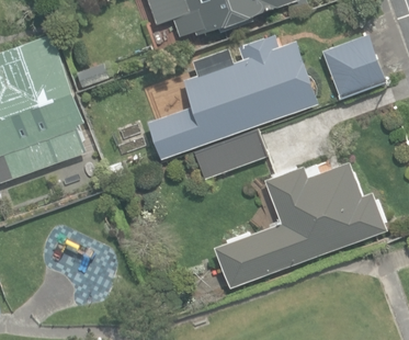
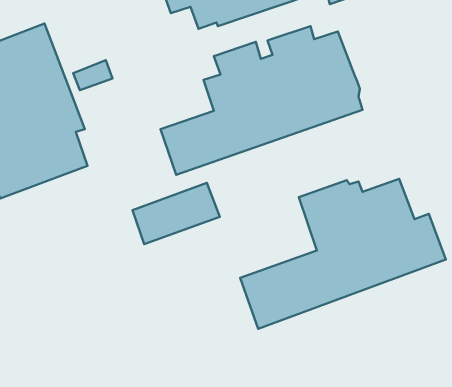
building: [321,34,384,98] -> none
building: [193,128,266,180] -> [132,183,220,244]

